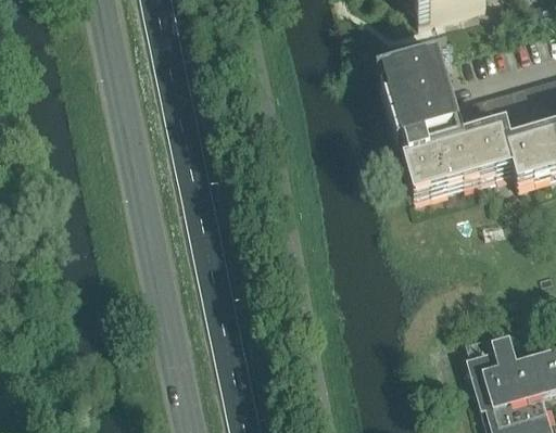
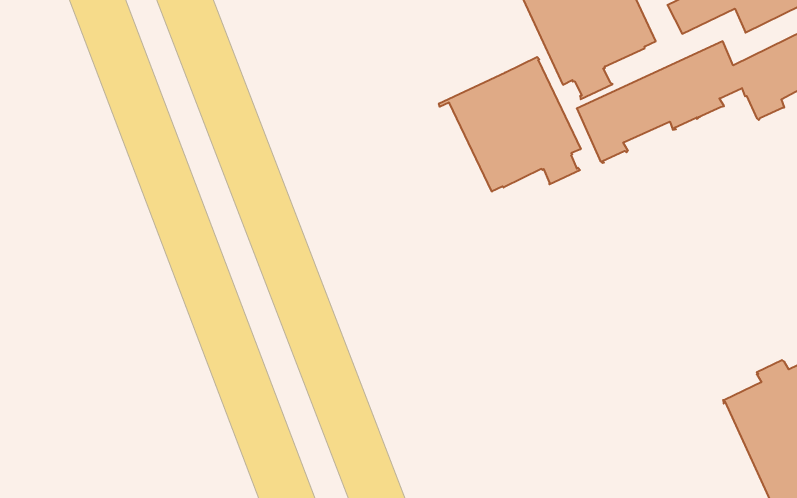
building: none -> [439,57,581,192]

